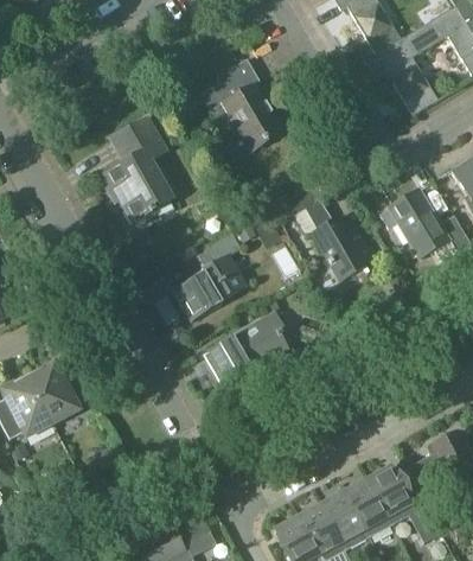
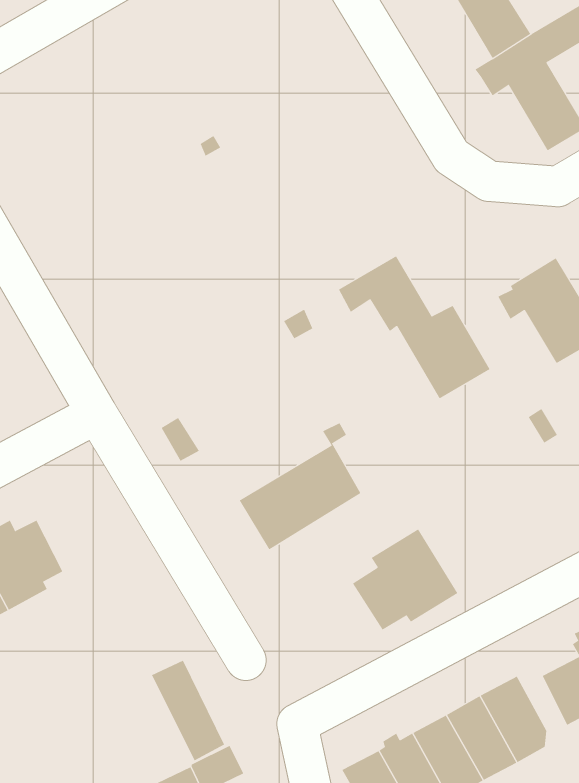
building: [202,58,282,149] -> none
building: [101,115,173,221] -> none
building: [172,231,247,320] -> none
building: none -> [352,528,458,631]
building: none -> [151,660,225,761]

